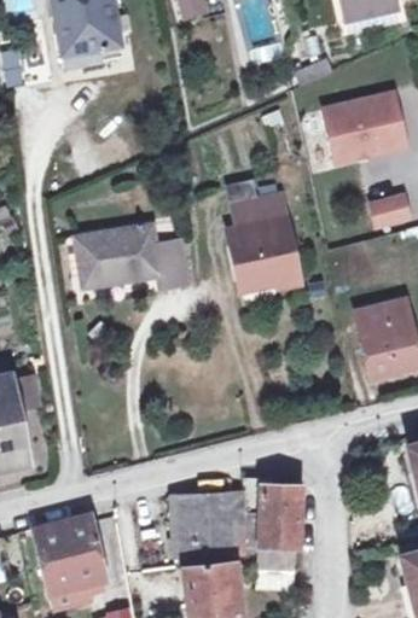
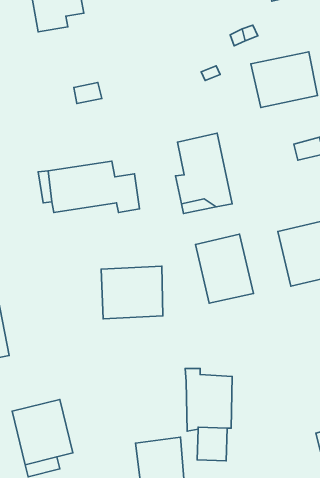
building: none -> [196,234,254,303]
building: [170,492,245,556] -> [101,266,163,319]

